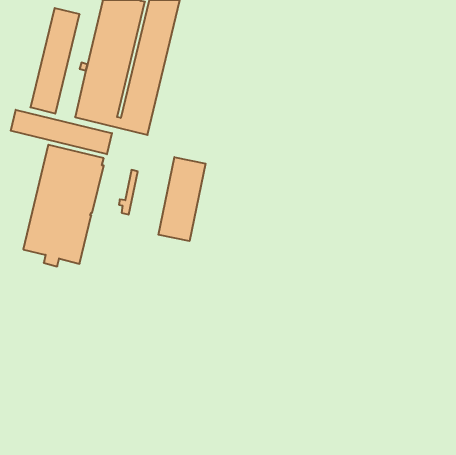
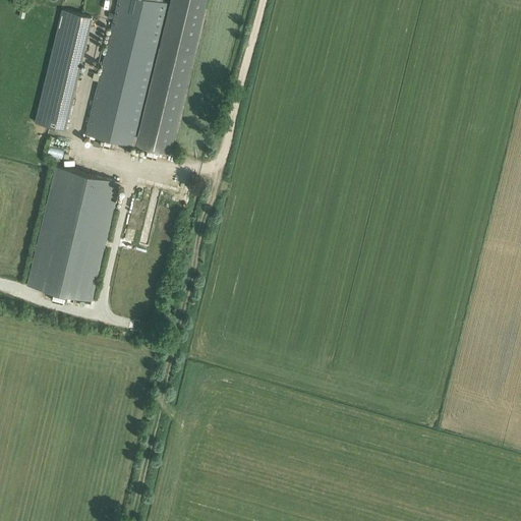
building: [11,110,112,154] -> none
building: [158,157,206,241] -> none

